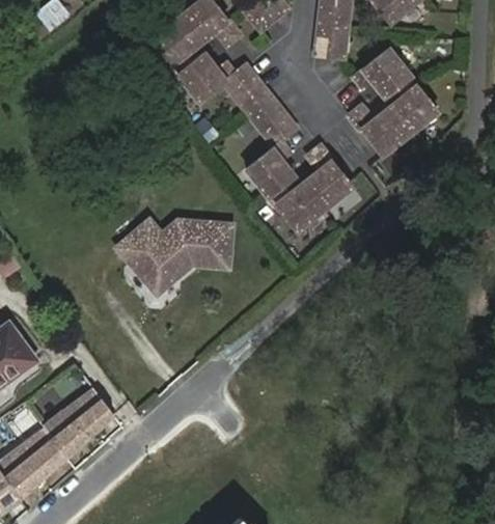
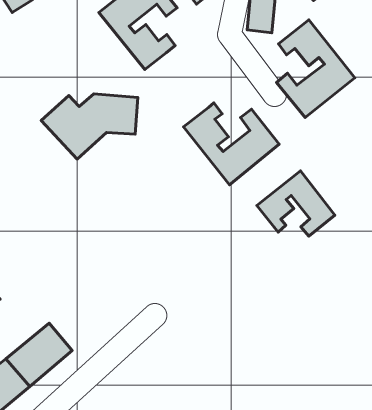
building: [225,65,295,144] -> none
building: none -> [257,171,335,236]
building: [120,219,229,293] -> [41,94,138,159]

